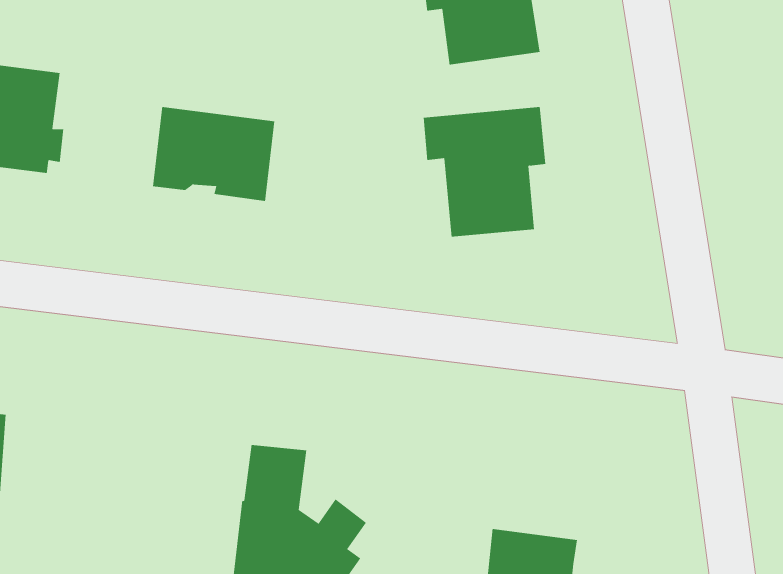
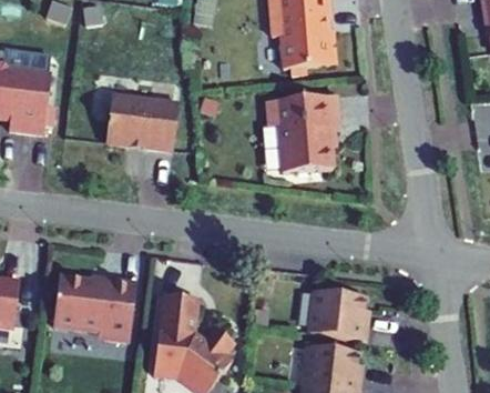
building: none -> [52,274,135,340]
building: none -> [309,290,368,339]

